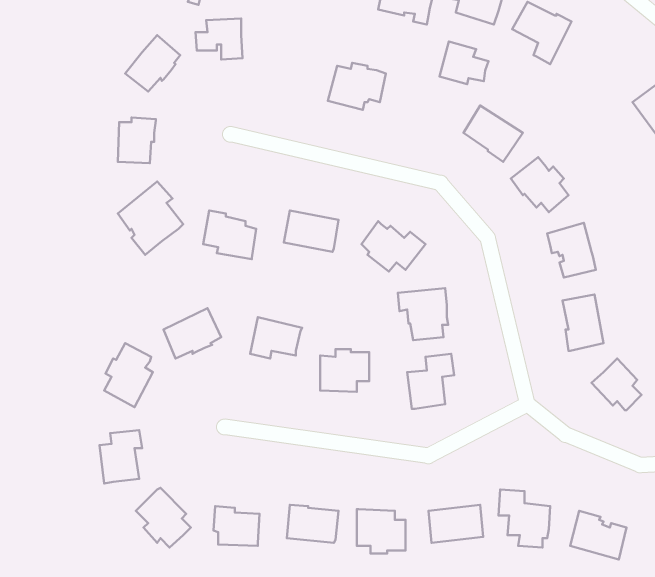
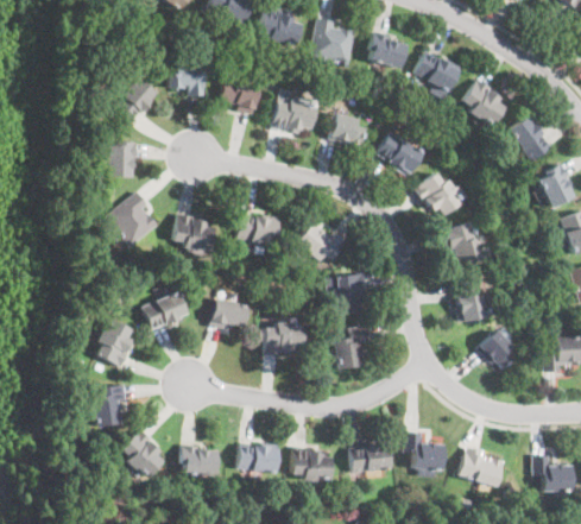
building: none -> [221,78,259,114]
building: none -> [463,78,507,127]
building: [440,41,488,84] -> [330,113,368,146]

